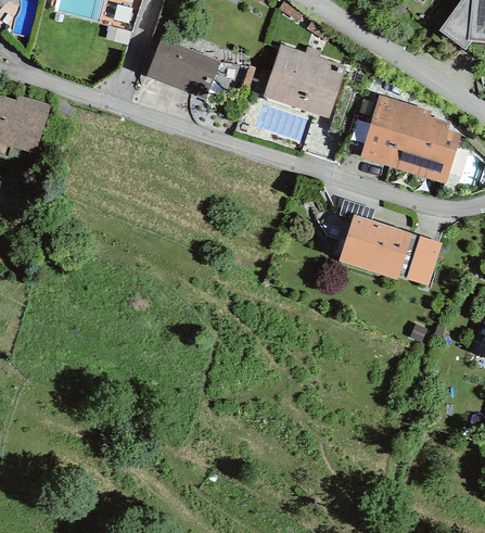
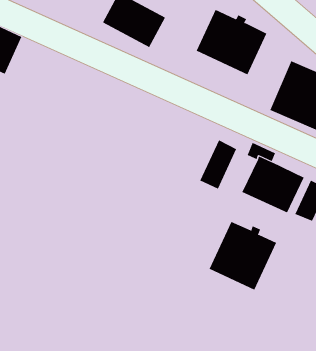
building: none -> [199,139,237,190]
building: none -> [209,221,277,290]

